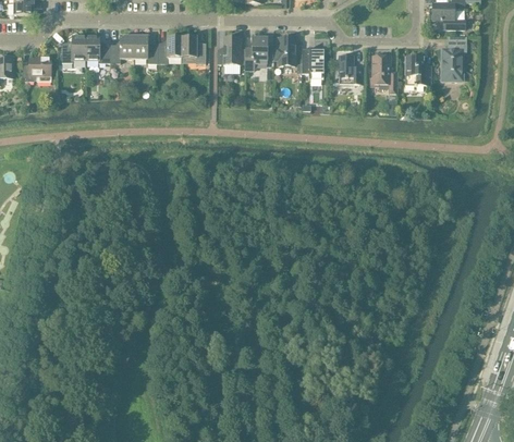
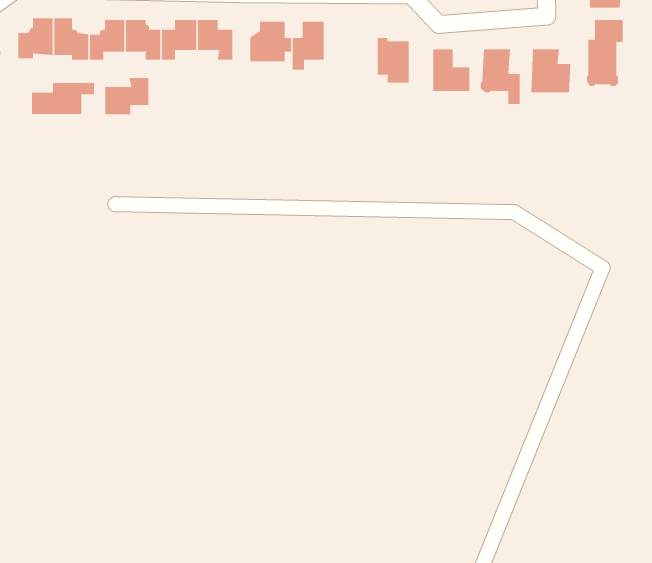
building: [273,37,295,65] -> none
building: none -> [105,77,149,115]
building: none -> [31,82,94,115]

